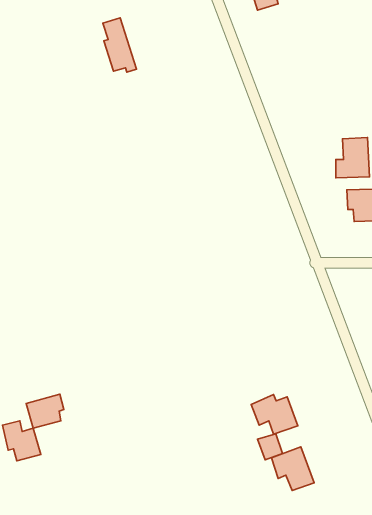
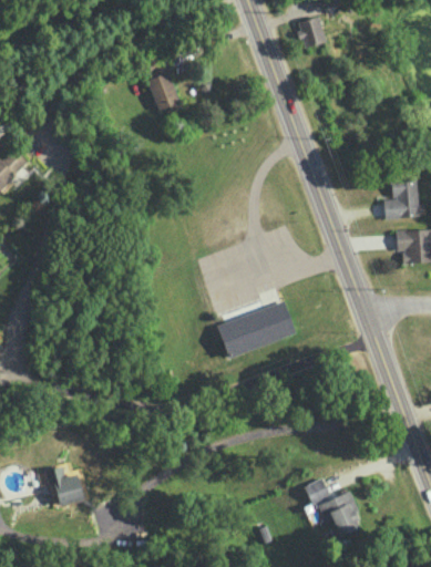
building: none -> [216,301,296,357]
building: [26,394,64,428] -> none
building: [251,395,298,434] -> none

